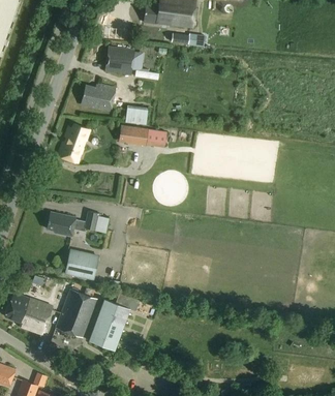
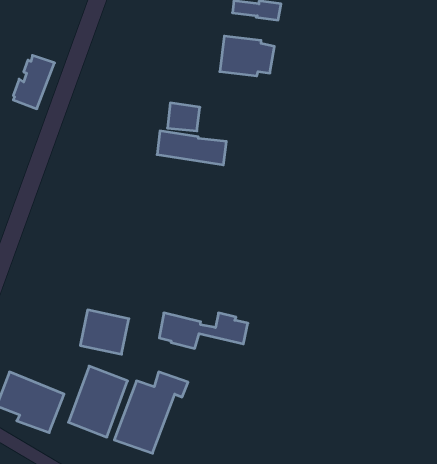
building: [105,45,144,73] -> [220,36,274,76]
building: [80,84,116,112] -> none
building: [60,124,89,161] -> [13,55,55,109]
building: [47,211,109,236] -> [159,313,248,348]

